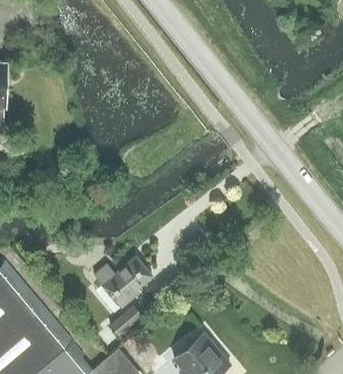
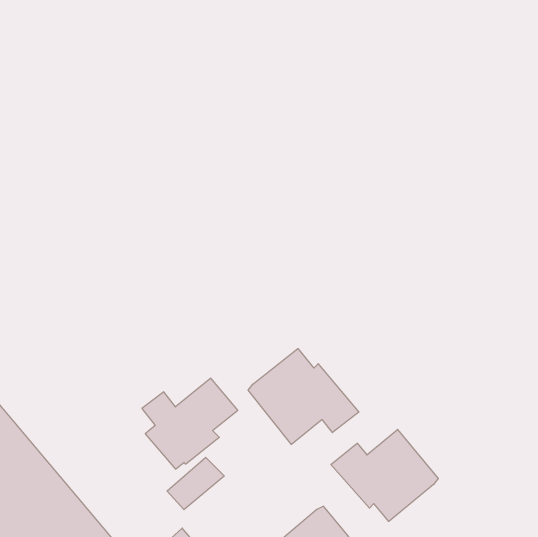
building: none -> [248,349,359,444]
building: none -> [331,429,438,521]

